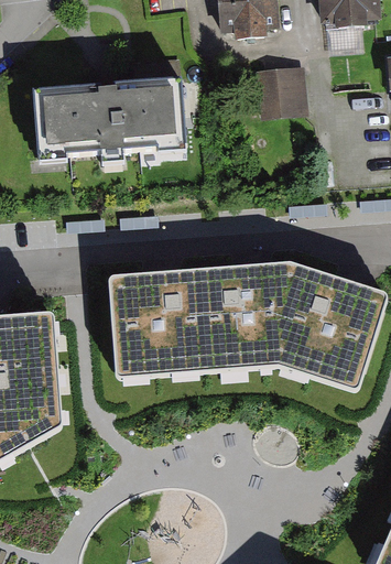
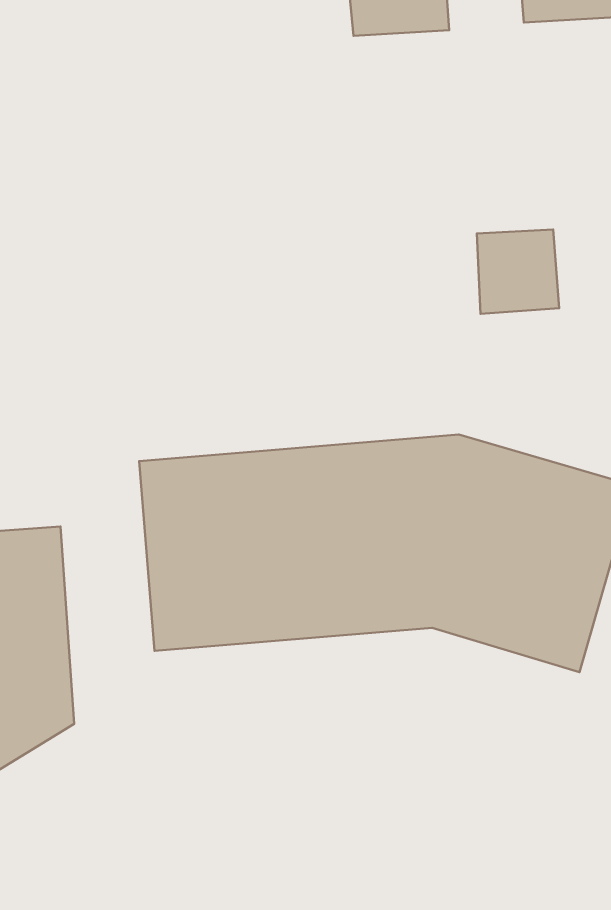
building: [256,66,303,115] -> [477,230,559,314]
building: [30,79,200,160] -> none

